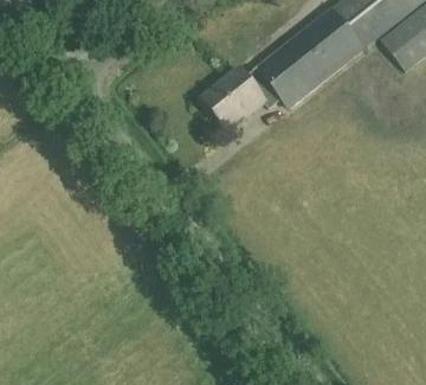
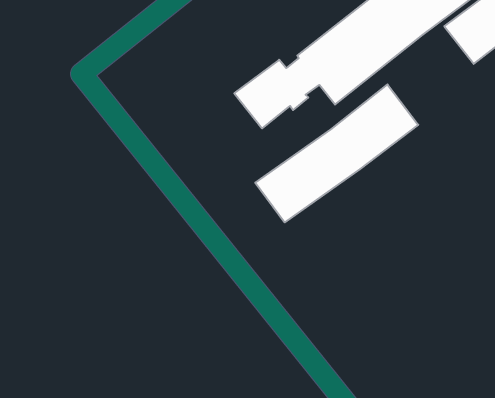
building: none -> [255,84,418,222]

